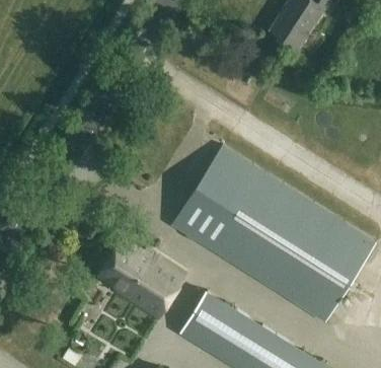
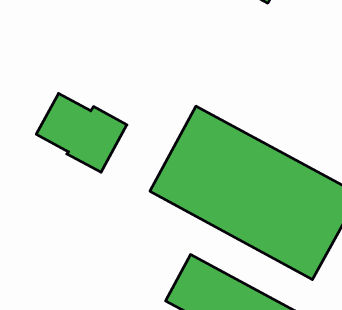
building: [98,238,187,318] -> [36,93,127,172]

